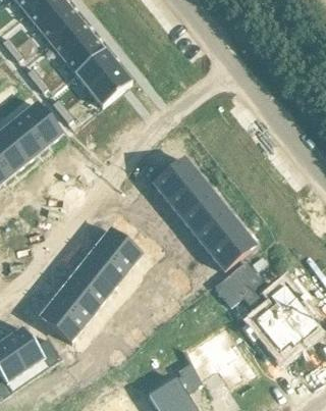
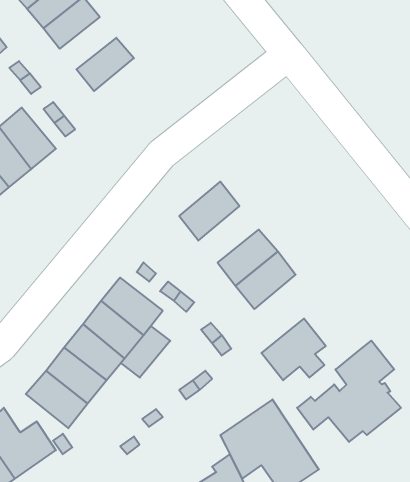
building: [64,36,106,74] -> none
building: [90,66,132,108] -> none
building: [167,176,212,218] -> none
building: [209,227,255,270] -> none
building: none -> [121,326,170,378]

